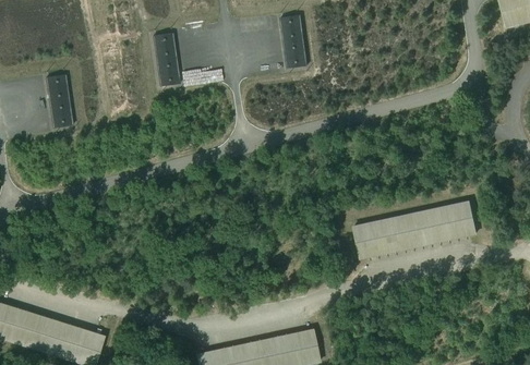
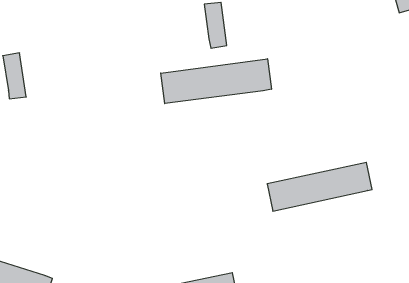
building: [154,32,180,85] -> none
building: none -> [161,59,271,104]

